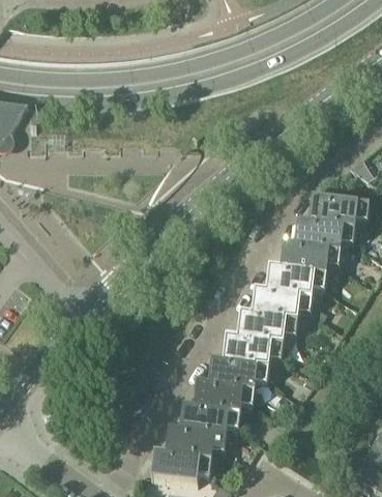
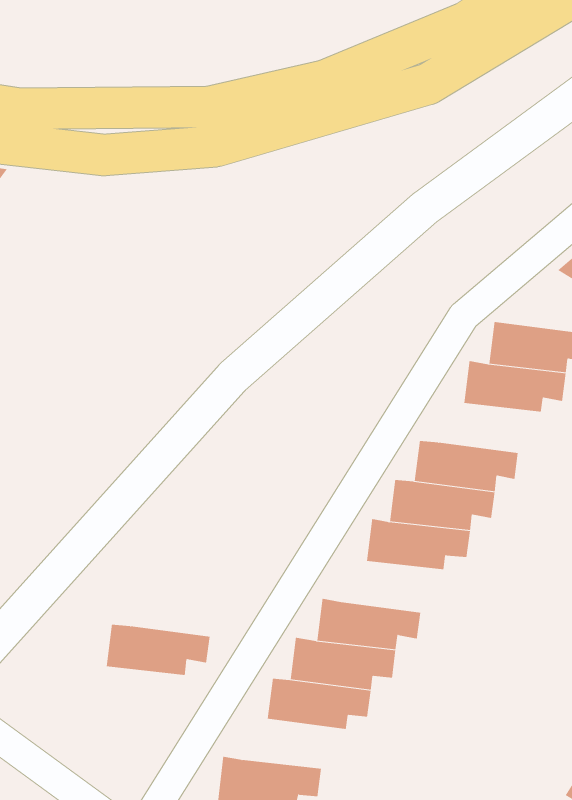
building: [281,240,341,271] -> none
building: [224,332,284,364] -> none
building: [166,426,227,456] -> [106,624,210,676]

